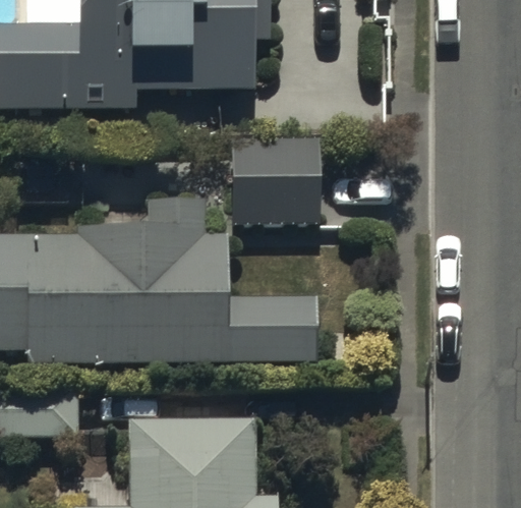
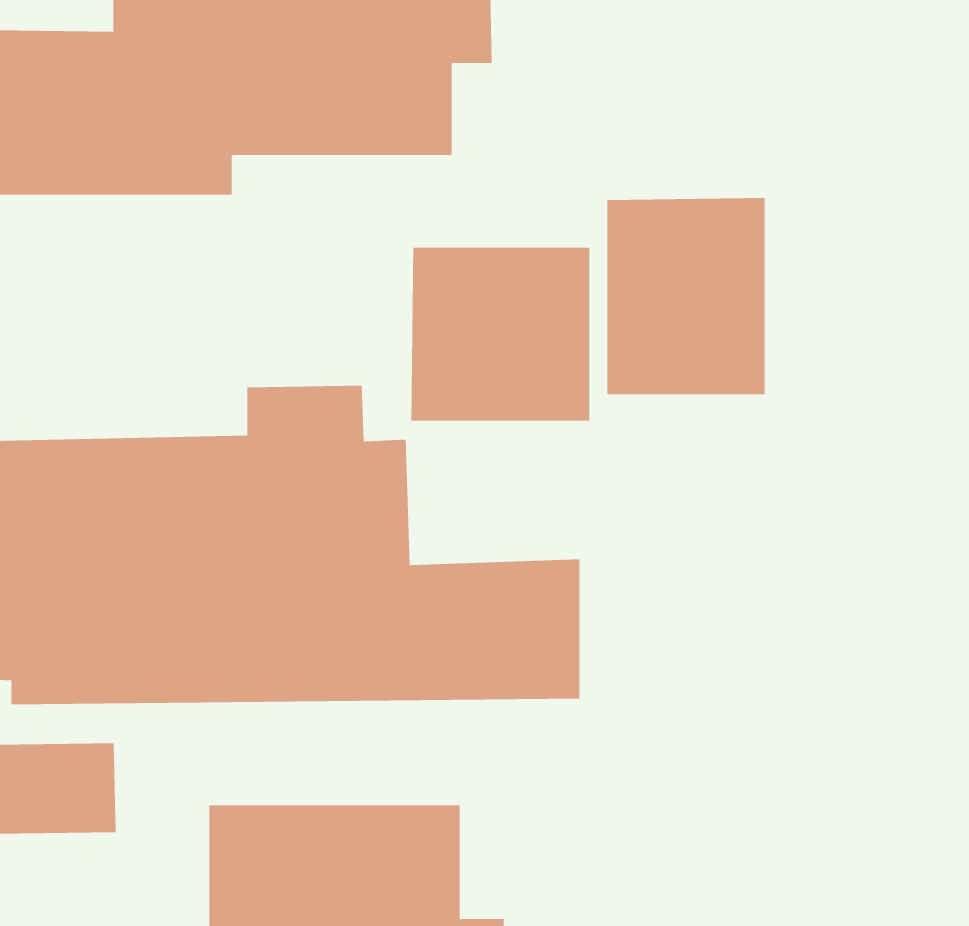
building: none -> [607,197,765,395]

